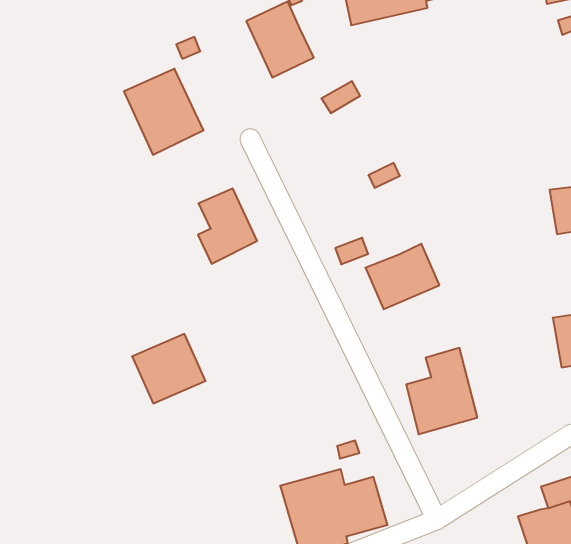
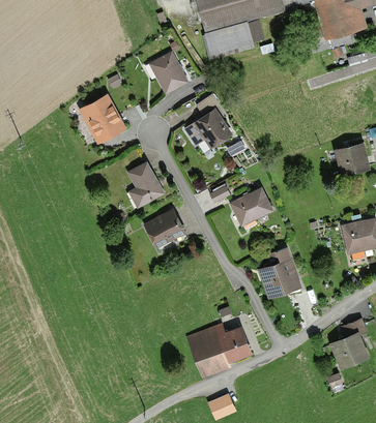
building: none -> [183,109,232,150]
building: [132,334,206,403] -> [142,208,186,250]

